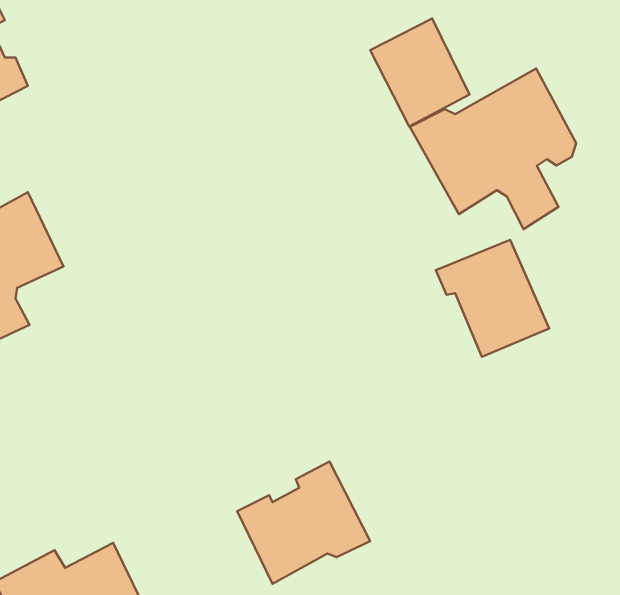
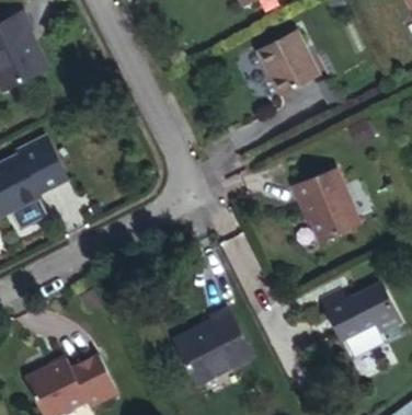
building: [410,69,576,229] -> none
building: none -> [323,280,402,339]

